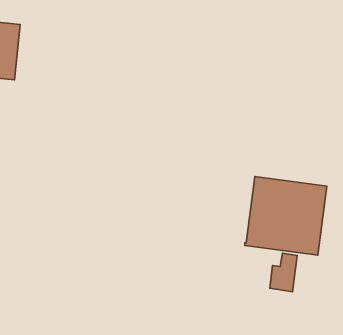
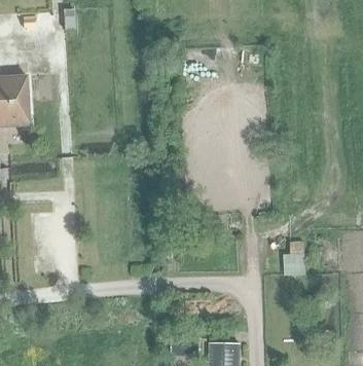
building: [245,177,327,255] -> none

